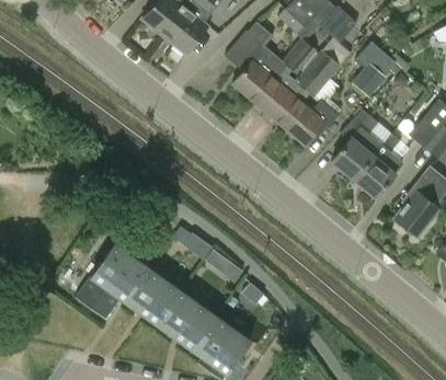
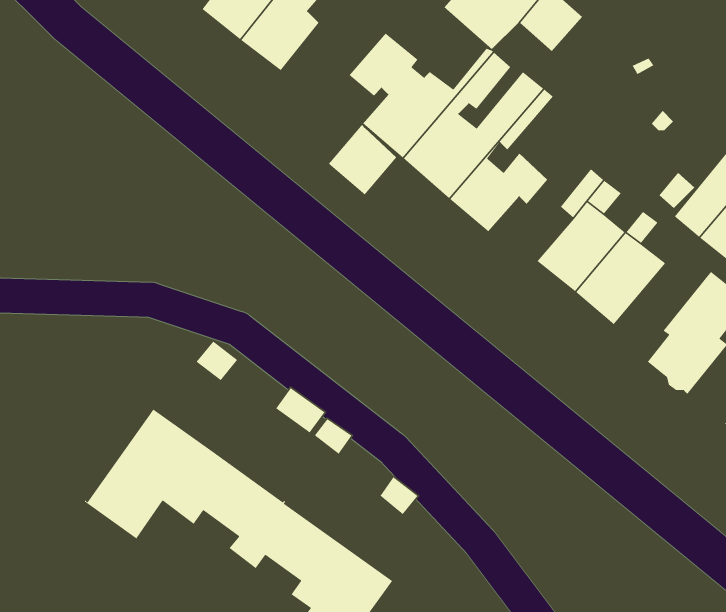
building: [352,62,387,97] -> none
building: none -> [328,123,397,195]

